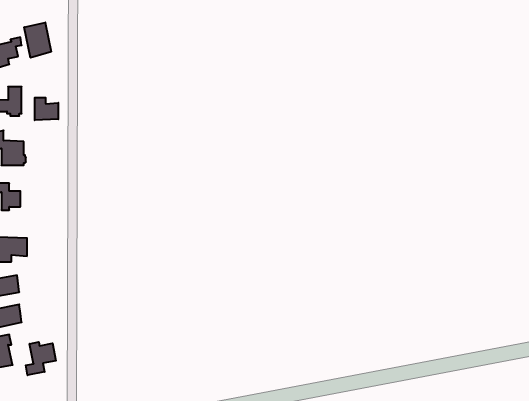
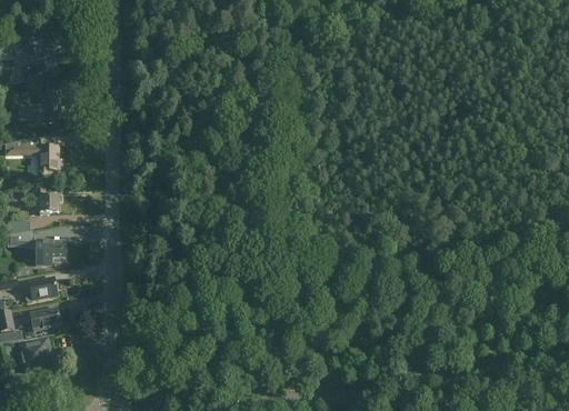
building: [24,22,51,58] -> none
building: [35,98,58,120] -> none
building: [26,342,56,375] -> none

